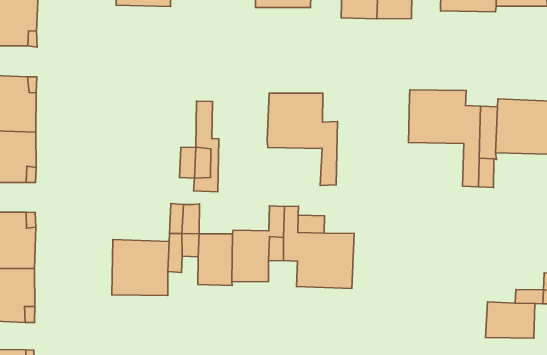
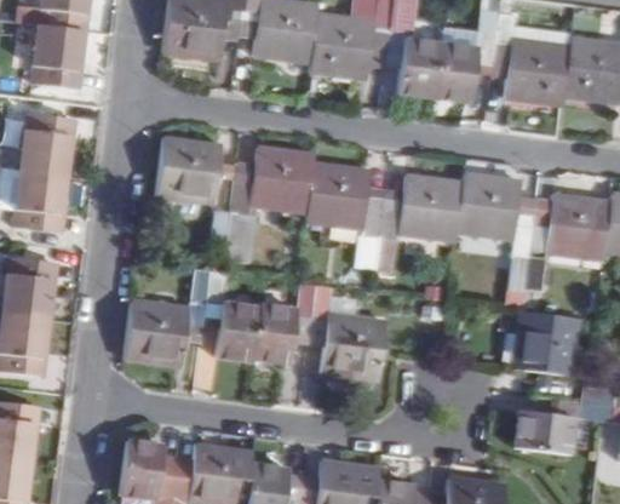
building: none -> [159,137,223,201]
building: none -> [248,148,314,213]
building: none -> [374,174,461,270]
building: none -> [511,309,578,377]

